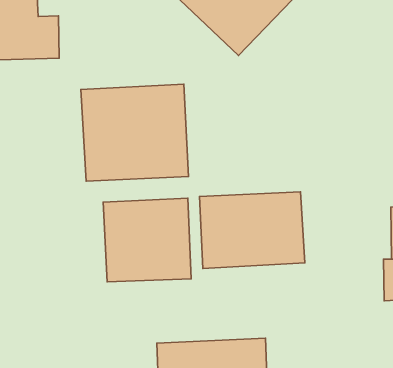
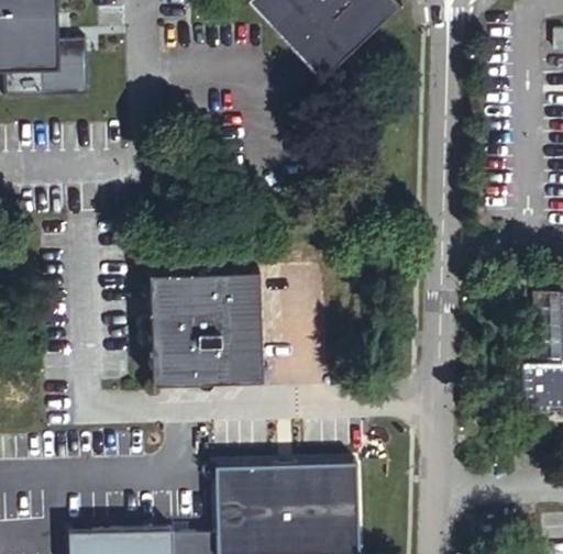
building: [81,84,188,181] -> none
building: [200,192,305,268] -> none

